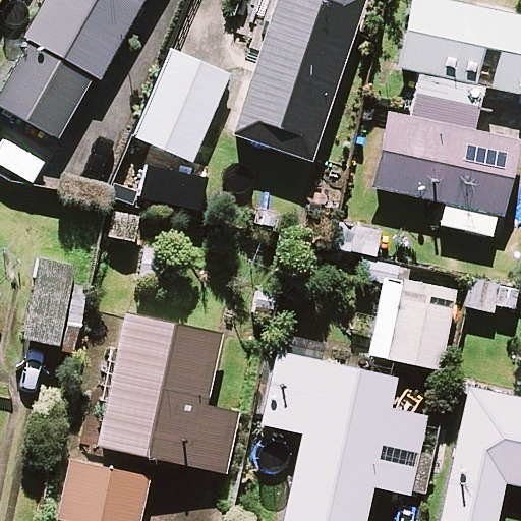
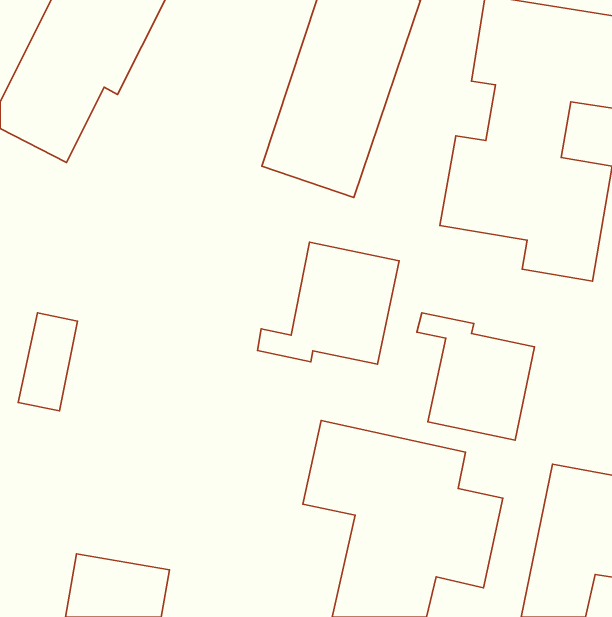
building: [133,51,228,162] -> none
building: none -> [257,242,399,364]
building: [103,314,240,471] -> none

